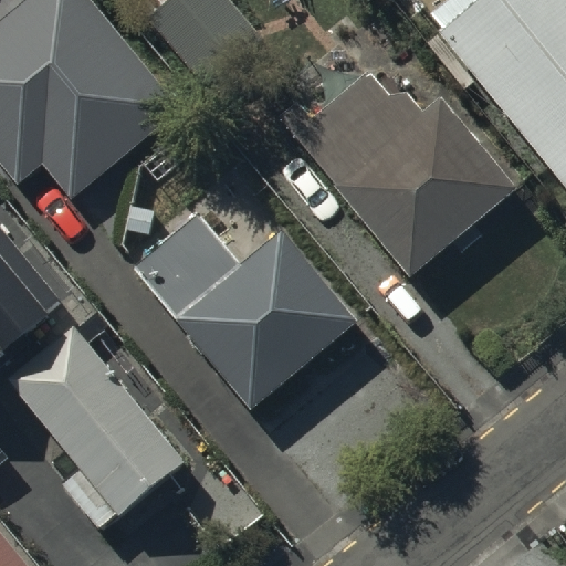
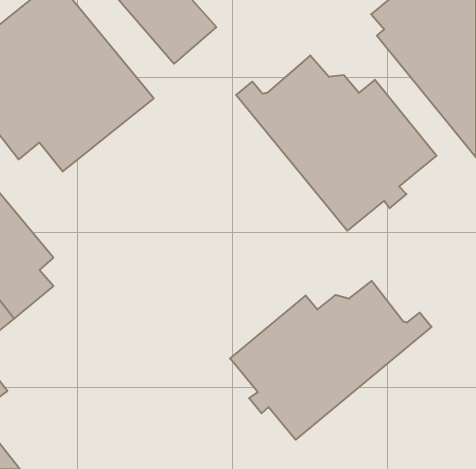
building: [132,210,357,407] -> none
building: none -> [230,281,432,440]
building: [15,336,191,533] -> none

